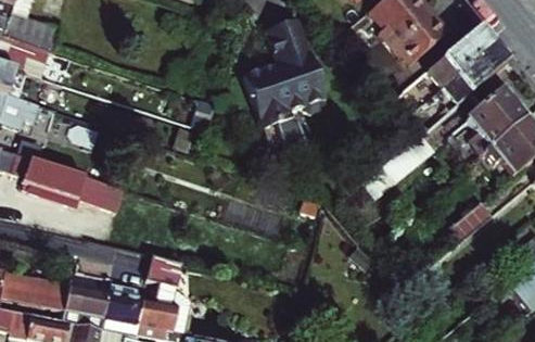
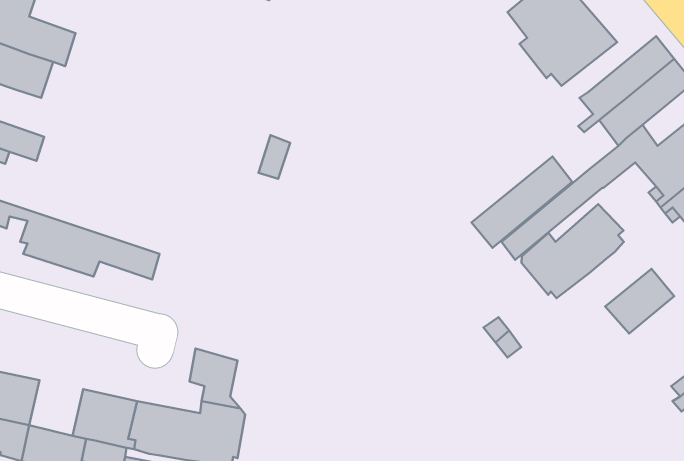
building: [244,23,329,157] -> none
building: none -> [521,204,624,298]
building: [28,281,67,321] -> none

